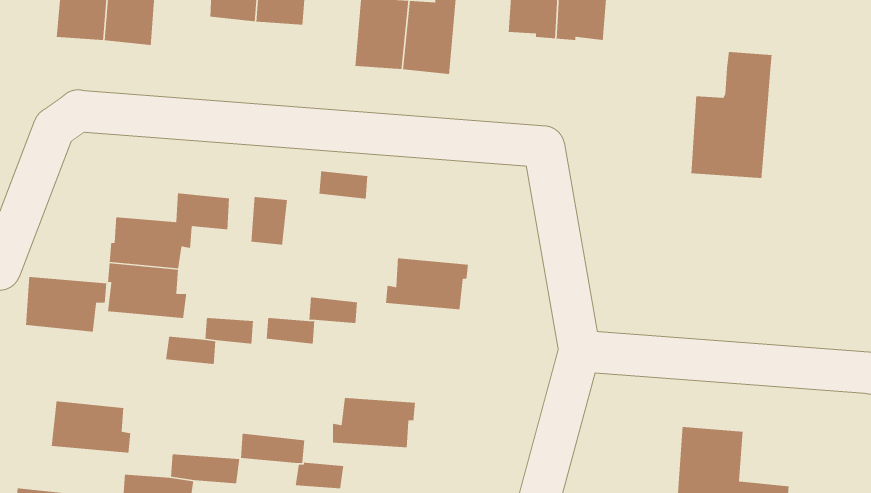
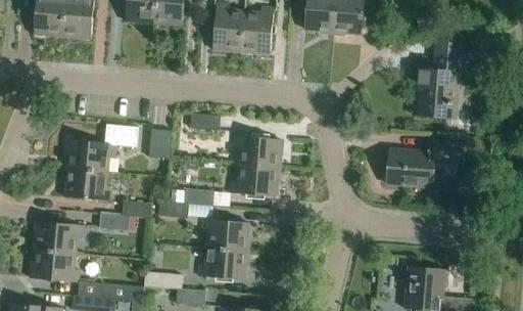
building: none -> [234,135,282,169]
building: none -> [387,137,460,186]
building: [25,276,107,332] -> [34,221,83,255]
building: none -> [202,220,250,252]

